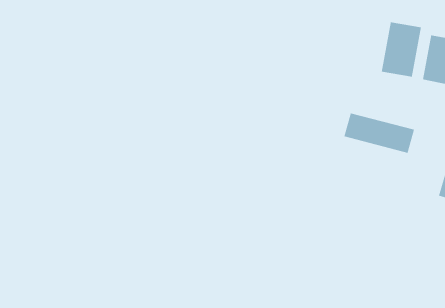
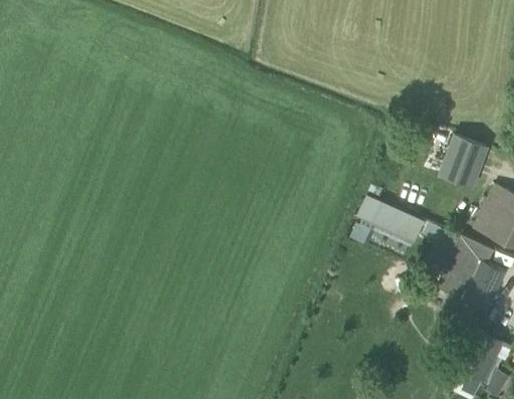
building: [381,22,421,77] -> none

